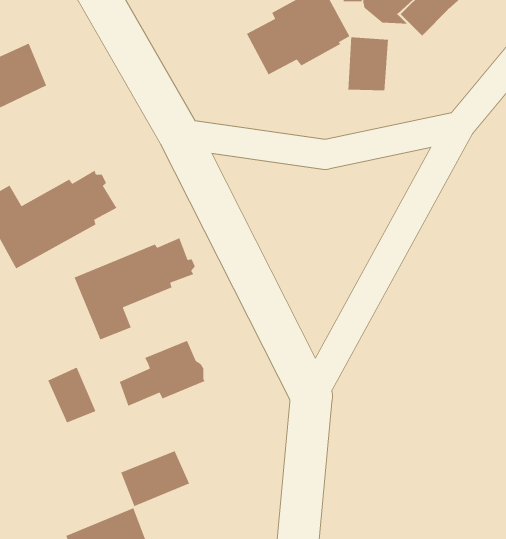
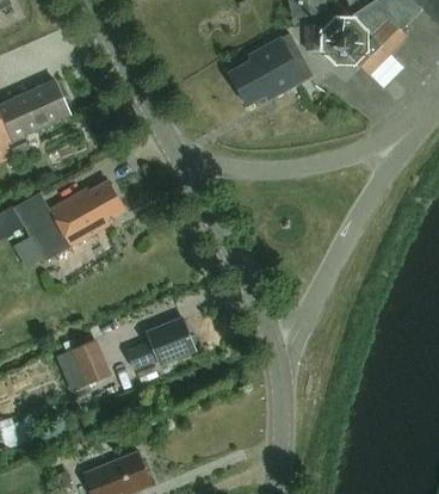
building: [347,37,389,91] -> none
building: [73,237,196,341] -> none
building: [120,450,190,507] -> none

